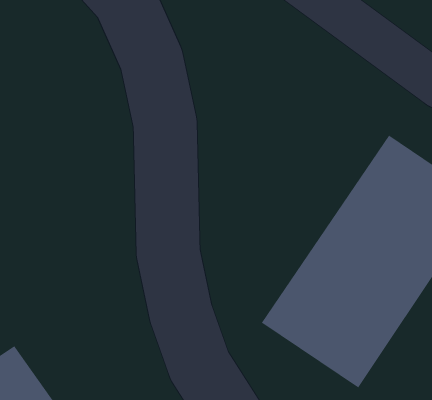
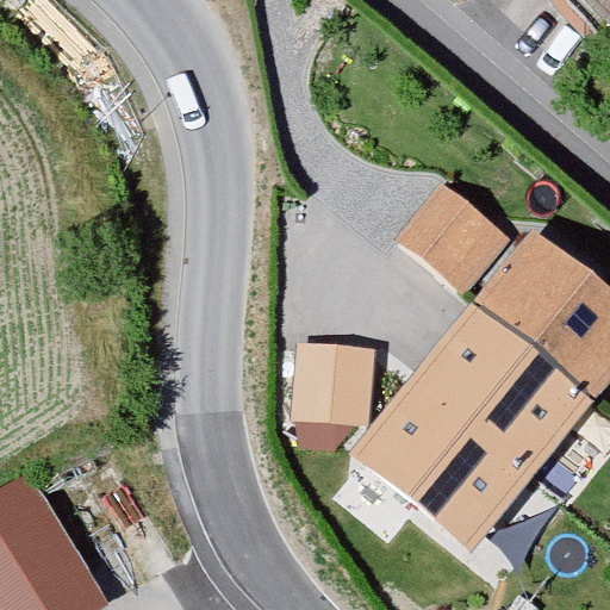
building: none -> [392,176,509,291]
building: none -> [287,337,375,422]

